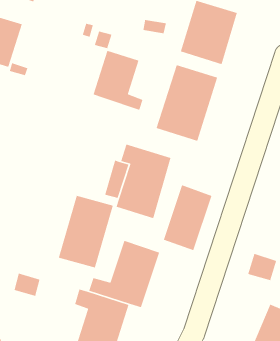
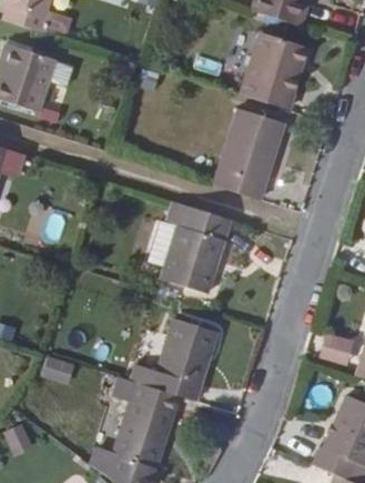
building: [93,50,144,111] -> none
building: [163,184,213,251] -> none
building: [58,195,114,269] -> none

